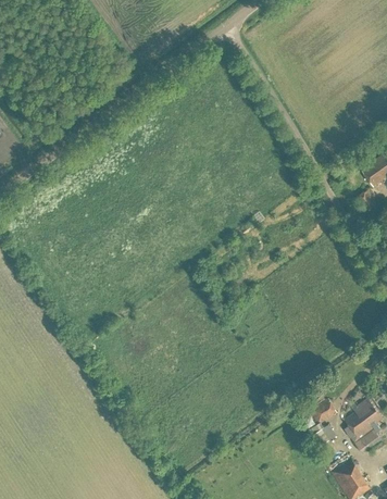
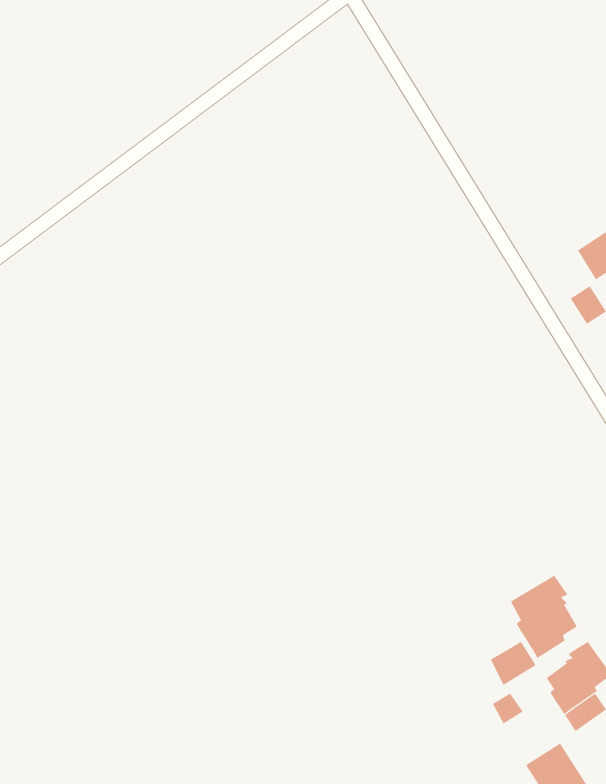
building: none -> [510,575,578,659]

